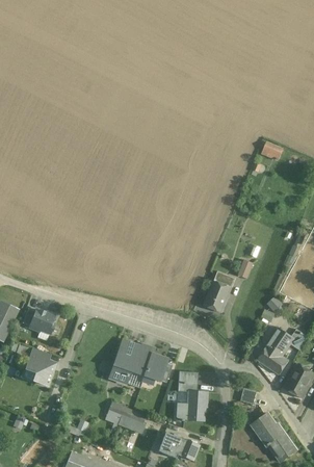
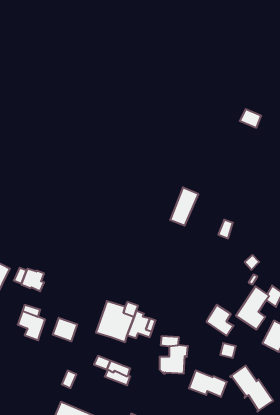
building: [205,271,235,312] -> [170,187,198,226]
building: none -> [207,305,234,336]
building: none -> [53,318,77,341]
building: [157,432,198,460] -> [189,370,227,397]

